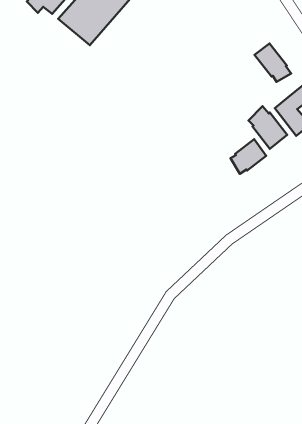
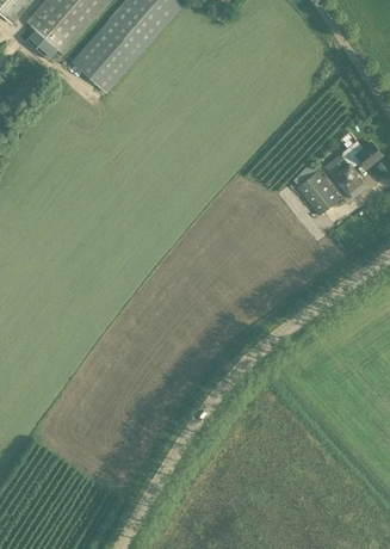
building: [254,44,291,82] -> none
building: [230,139,266,174] -> none

